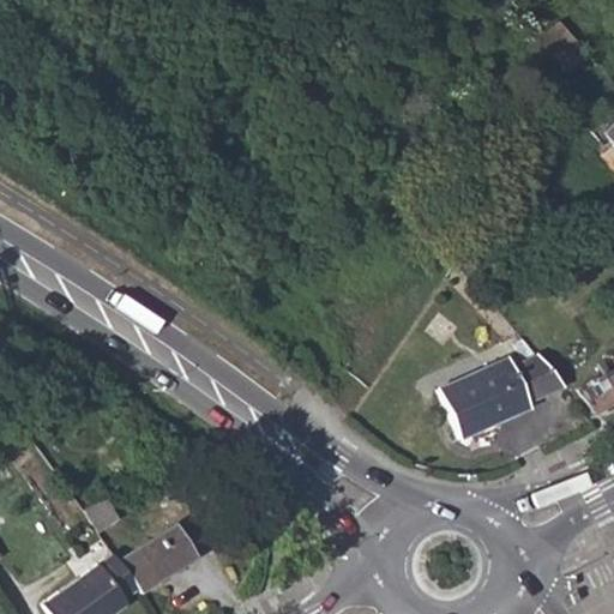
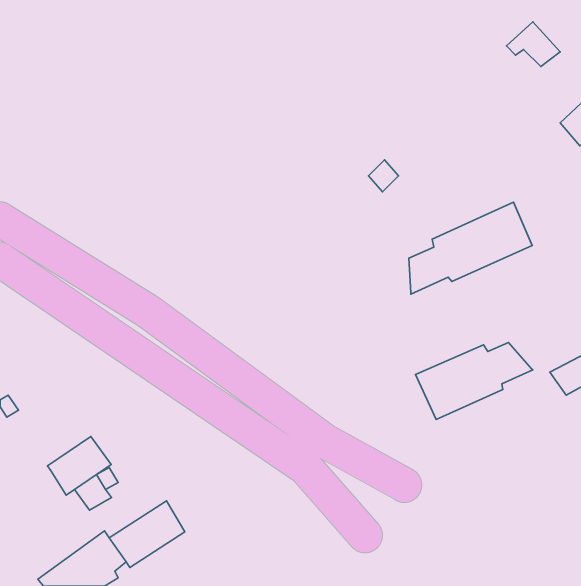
building: none -> [409,202,532,294]
building: none -> [47,437,111,495]

